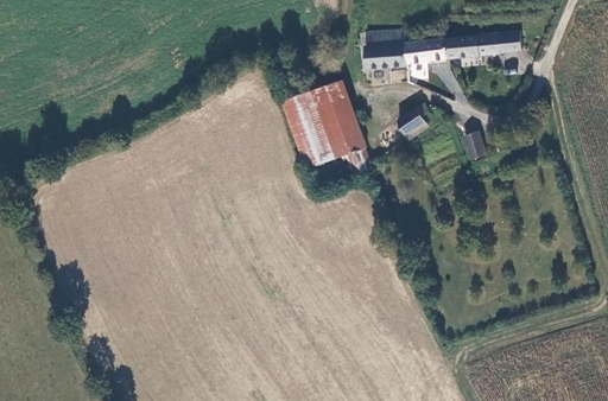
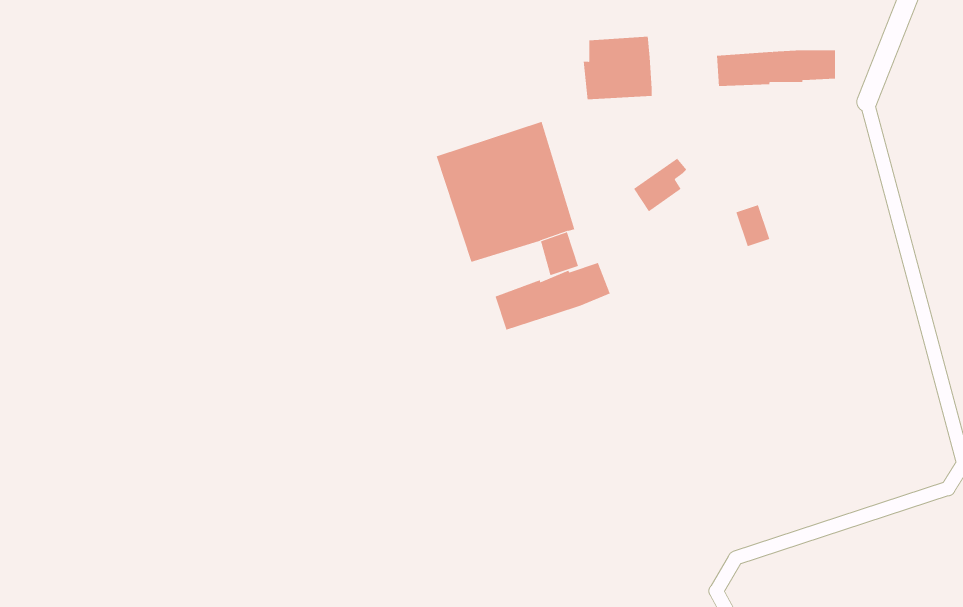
building: [411,40,452,61] -> none
building: none -> [495,262,610,331]

